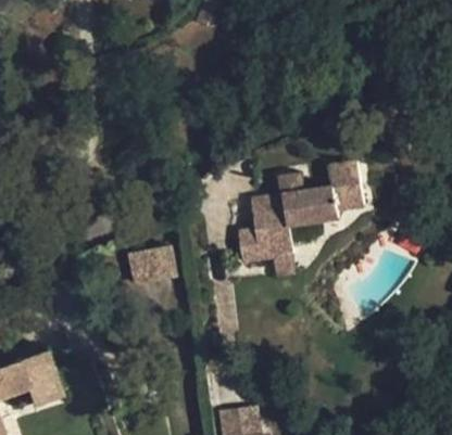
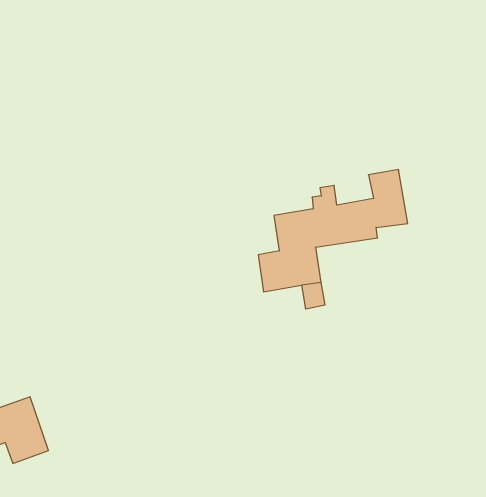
building: [126,248,176,285] -> none

